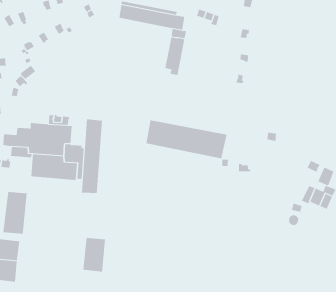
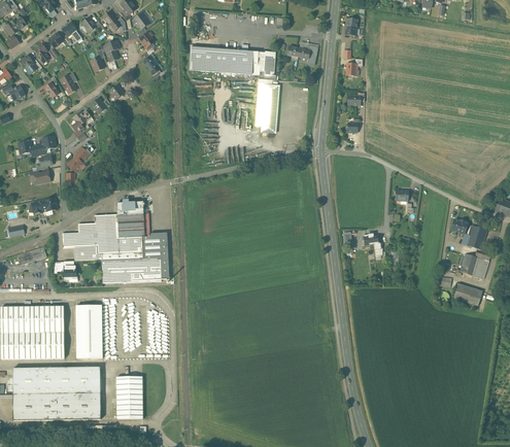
building: [82,119,103,194] -> none
building: [146,119,227,159] -> none
building: none -> [453,282,482,305]
building: [83,238,106,272] -> [116,375,143,417]

